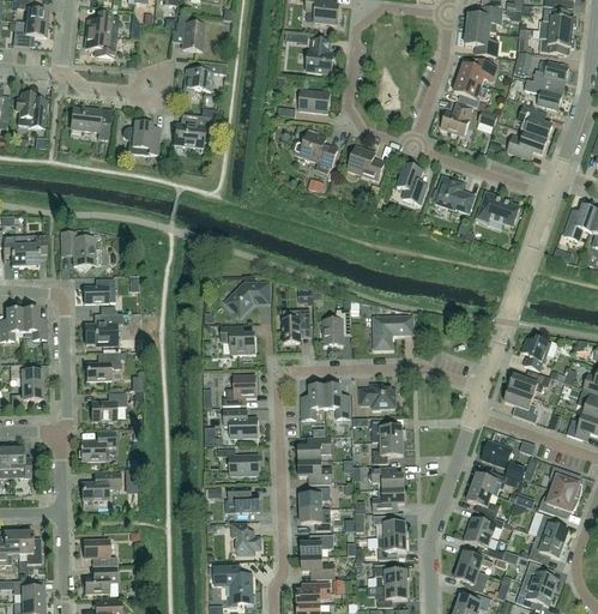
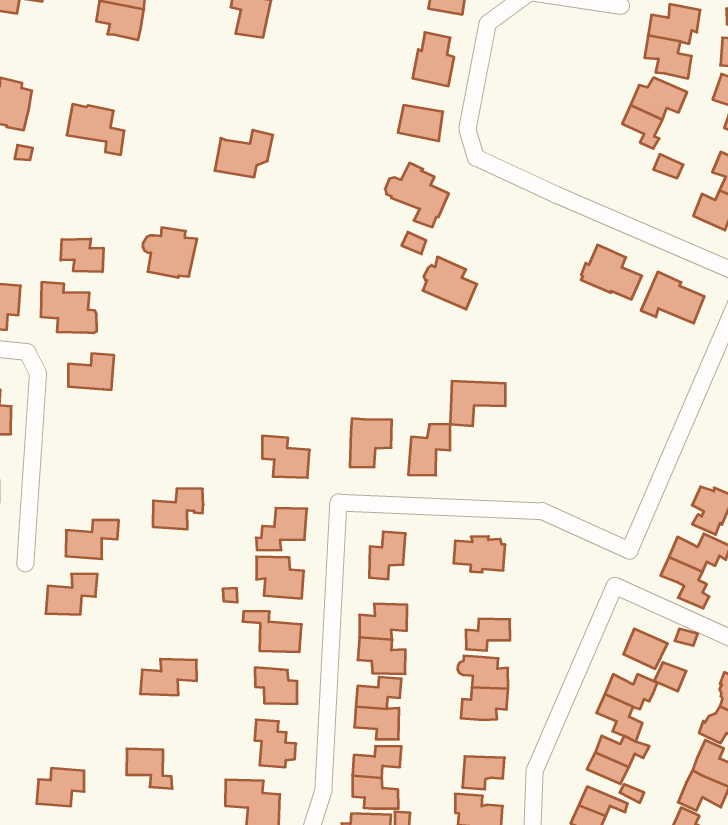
building: [183,64,223,91] -> none
building: [440,102,472,136] -> none
building: [122,121,159,155] -> [143,228,197,277]
building: [346,145,383,180] -> [423,257,477,309]
building: [397,163,427,204] -> none
building: none -> [61,239,103,272]
building: [225,282,268,315] -> none
building: [84,313,121,345] -> none
building: [374,317,412,348] -> [450,381,505,426]
building: [85,351,120,380] -> [153,489,203,529]
building: [325,385,350,419] -> none
building: [372,420,405,441] -> none
building: [81,472,120,499] -> [140,659,197,695]
building: [373,514,405,537] -> none
building: [83,538,116,565] -> [126,749,172,789]

